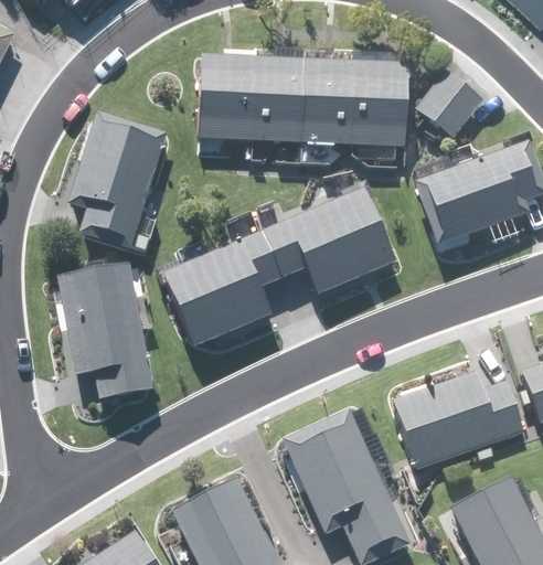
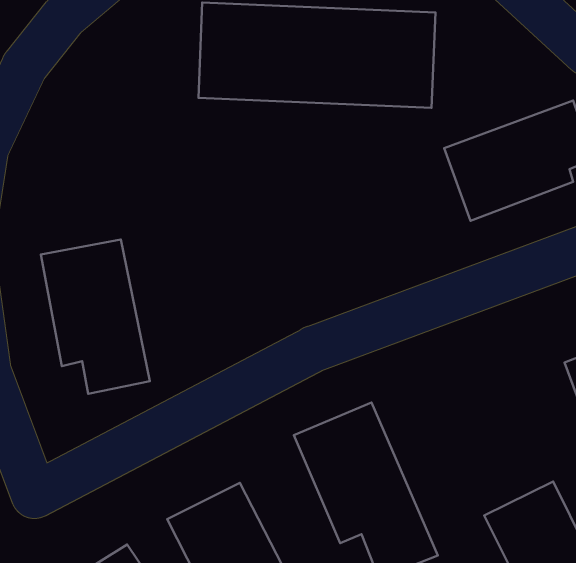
building: [415,72,482,139] -> none
building: [71,114,167,249] -> none
building: [167,189,395,345] -> none
building: [392,370,522,463] -> none

